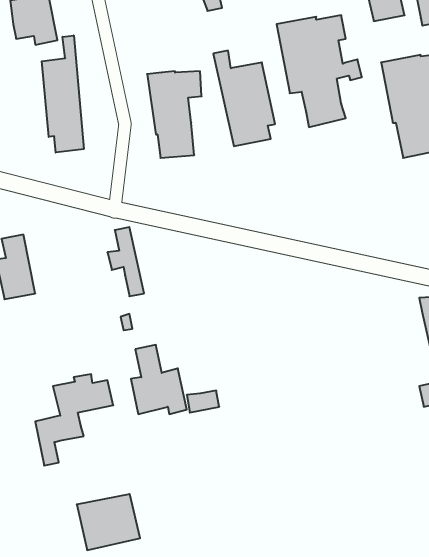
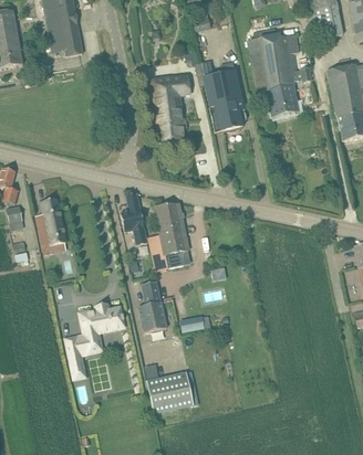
building: [42,35,84,153] -> none
building: none -> [148,203,187,269]
building: [77,494,140,550] -> [146,371,194,413]

